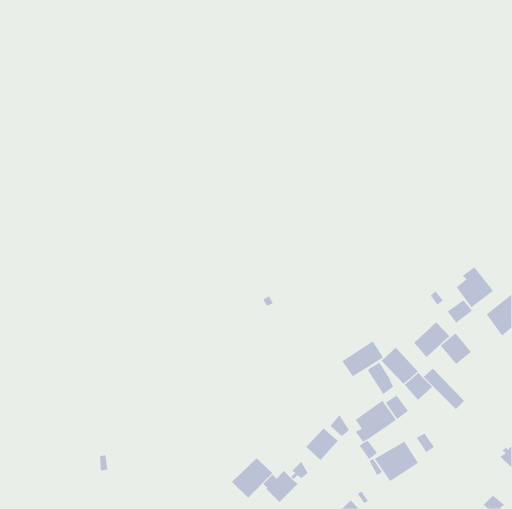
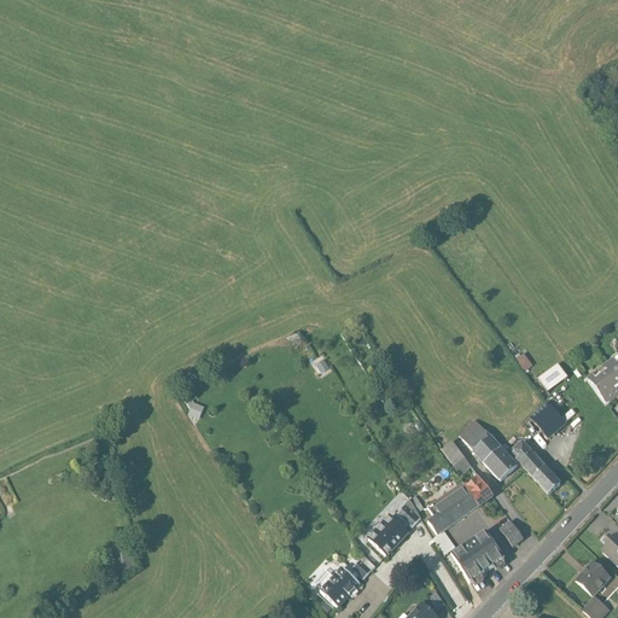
building: [456,267,494,308] -> none
building: [414,321,450,358] -> none
building: [342,340,384,377] -> none
building: [231,457,273,499] -> none
building: none -> [575,561,610,595]

